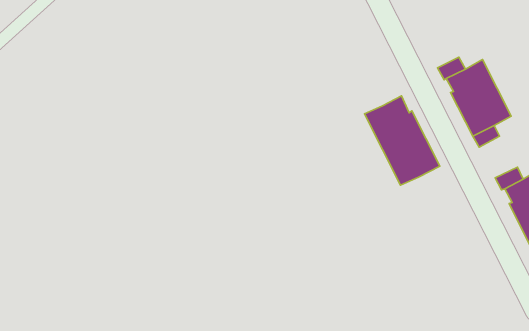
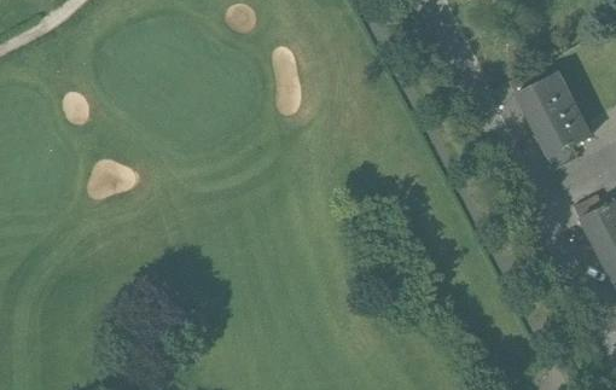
building: [364,96,440,185] -> none

